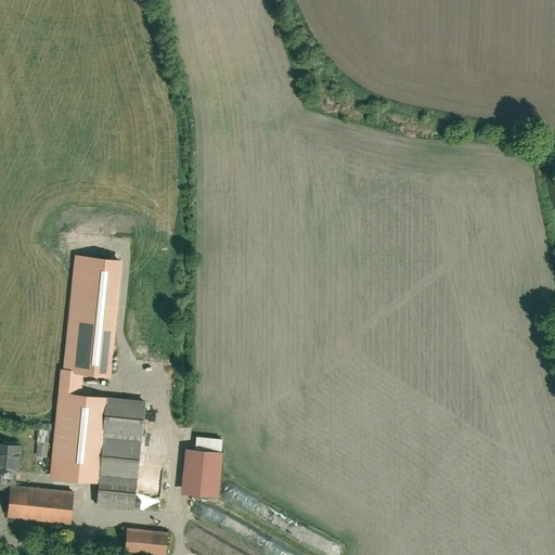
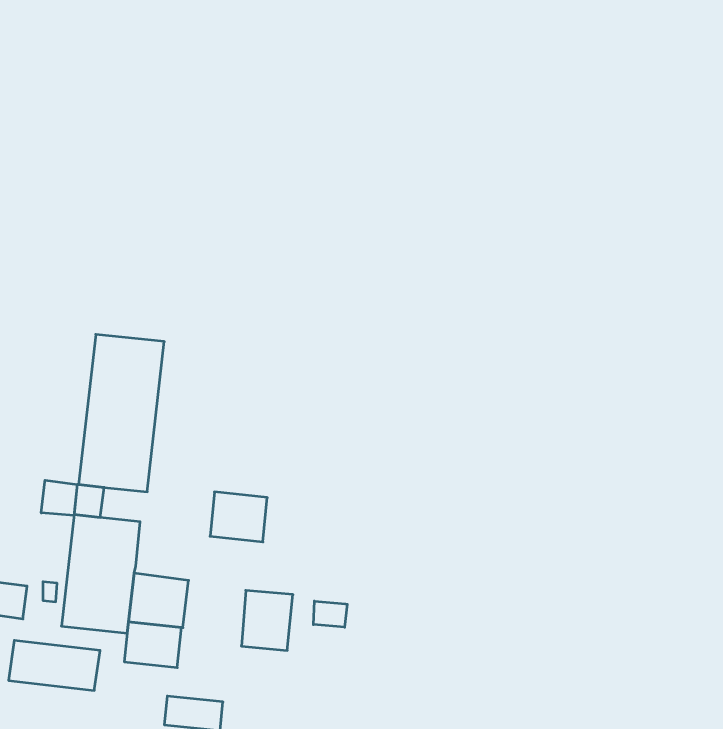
building: none -> [41,480,77,515]
building: [103,397,146,435] -> [210,492,267,542]
building: none -> [313,601,347,627]

